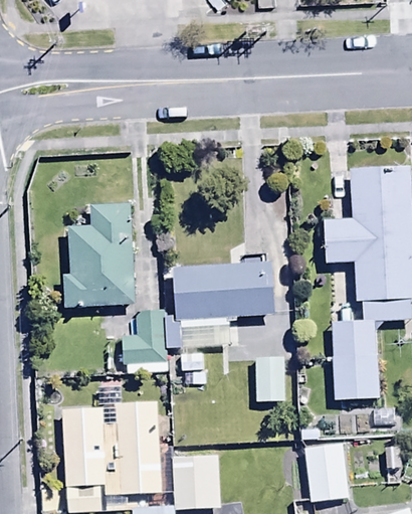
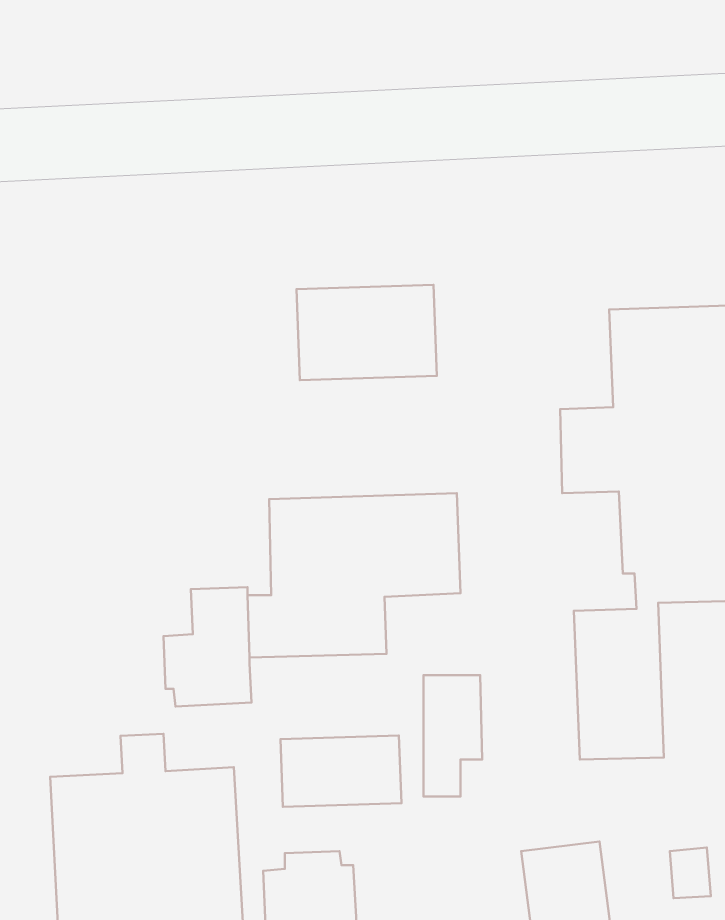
building: none -> [296,285,437,380]
building: [65,202,133,307] -> none
building: none -> [280,736,401,807]

